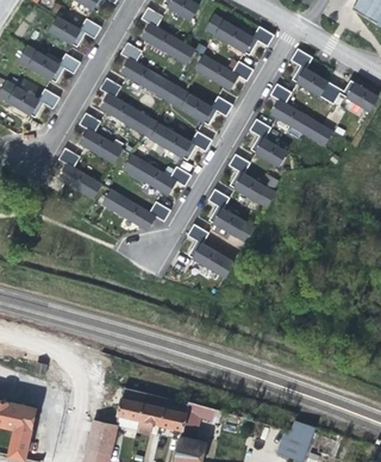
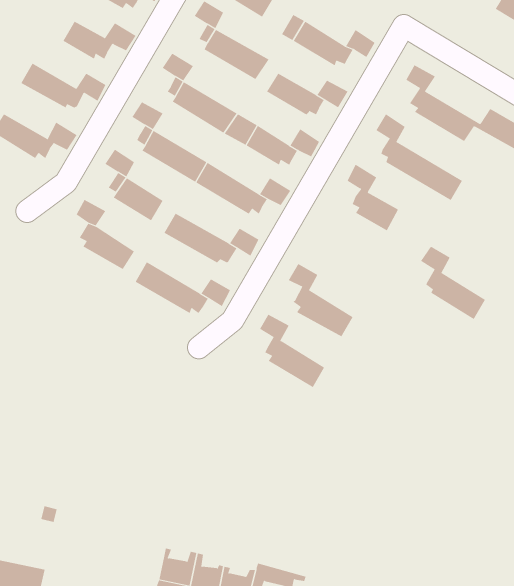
building: [229,156,275,208] -> [420,246,486,320]

